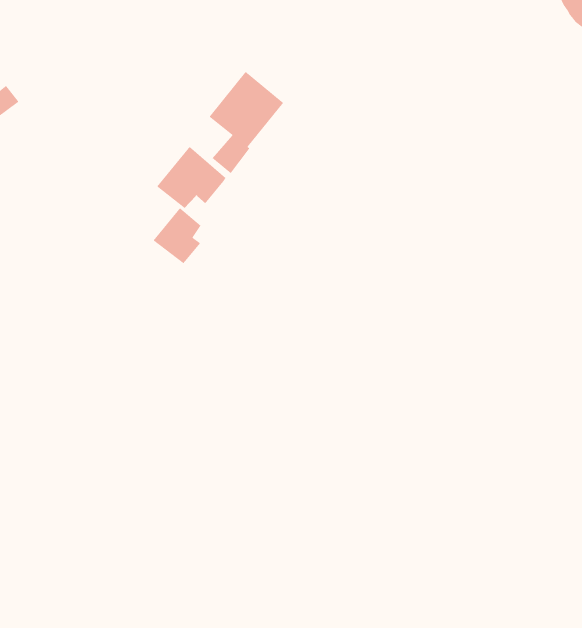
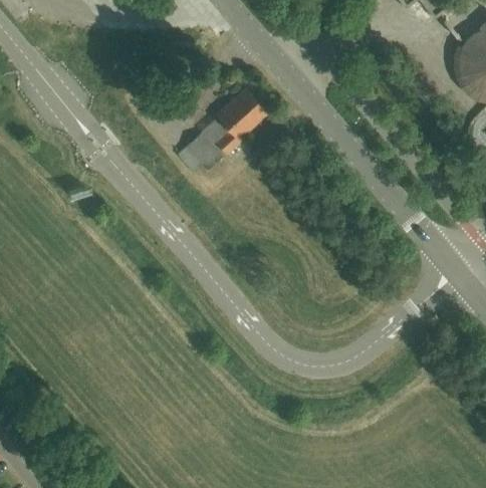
building: [153,207,202,264] -> none

